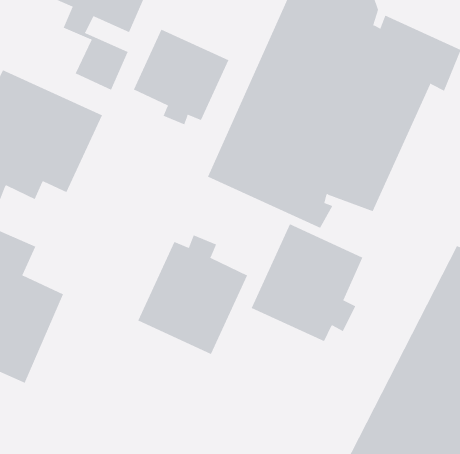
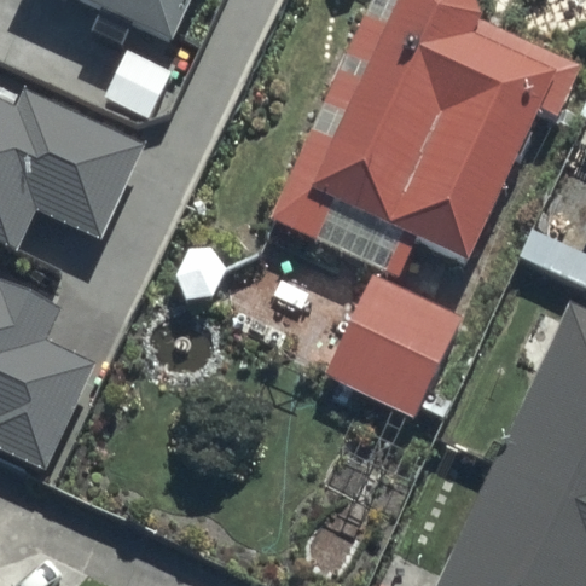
building: [133,29,229,125] -> none
building: [138,235,248,355] -> none

